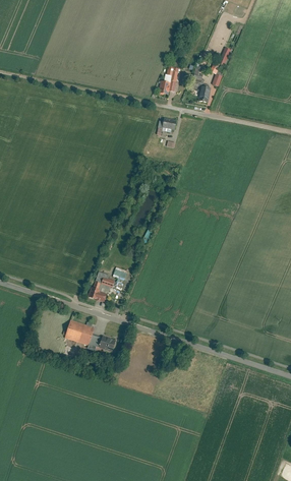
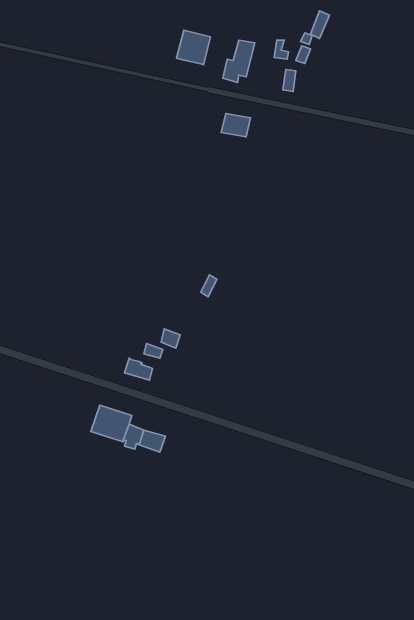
building: none -> [177,30,211,65]

